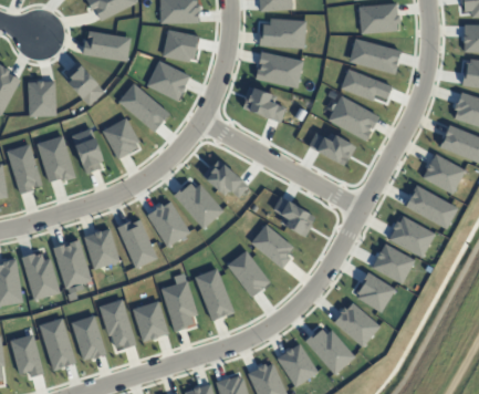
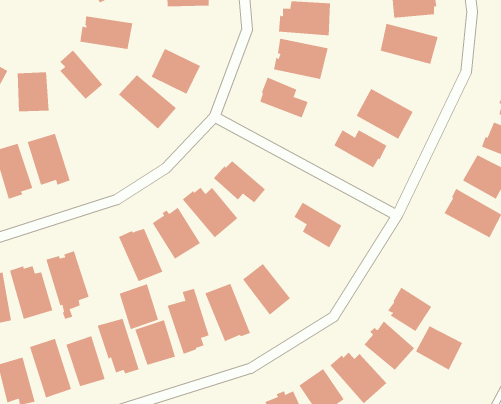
building: [163,30,199,62] -> none
building: [340,69,392,101] -> none
building: [102,117,139,159] -> none
building: [71,127,103,174] -> none
building: [388,216,435,257] -> none
building: [250,224,293,268] -> none
building: [84,228,119,269] -> [119,284,159,330]
building: [372,243,414,283] -> [415,325,463,370]

